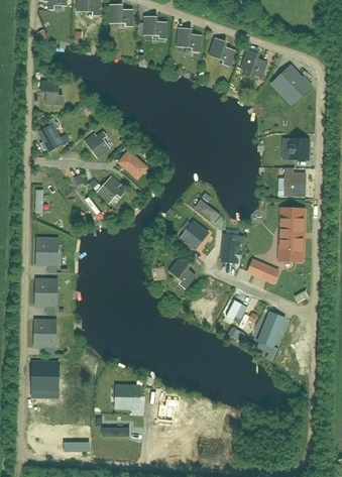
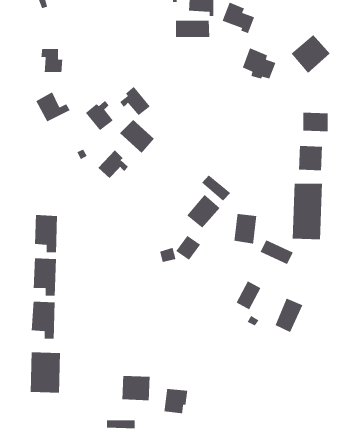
building: [241,48,273,79] -> [242,47,276,80]
building: none -> [175,20,210,38]
building: none -> [119,86,151,116]

